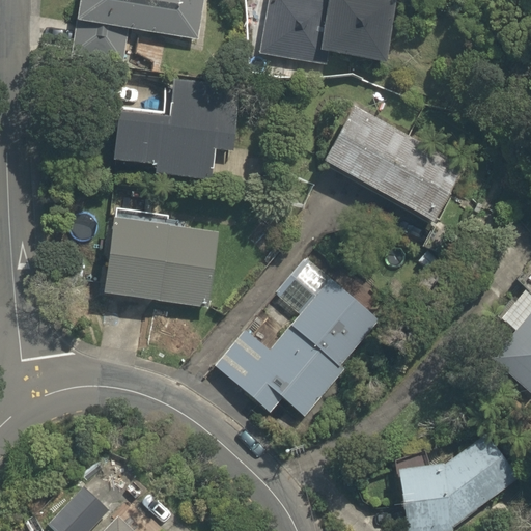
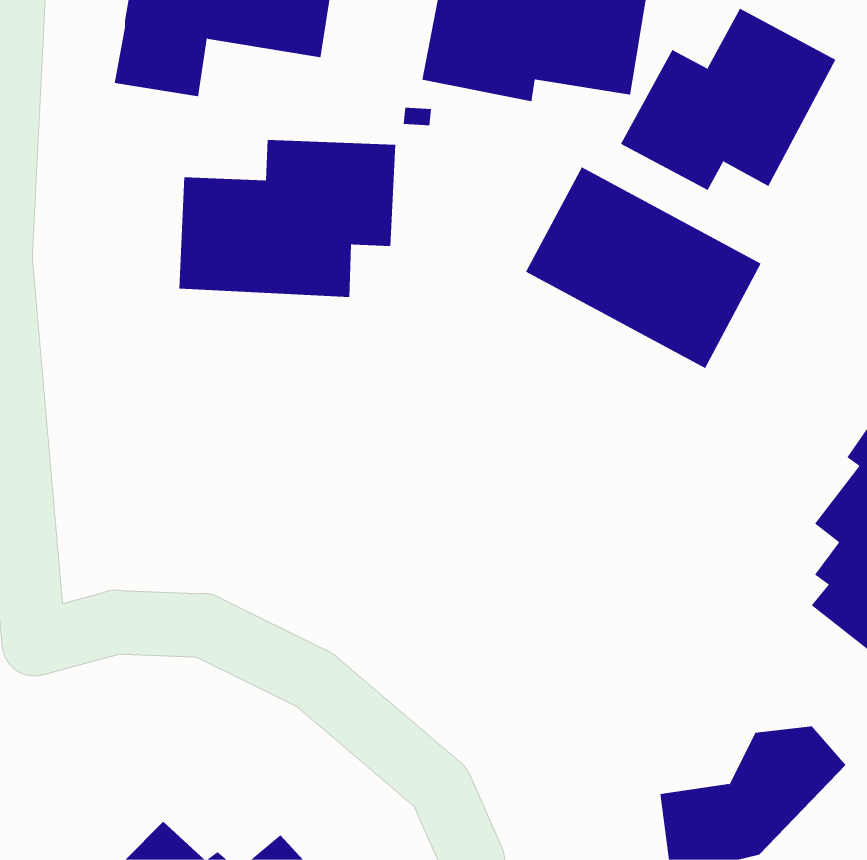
building: none -> [620,8,836,191]
building: [110,209,219,304] -> none
building: [212,254,379,415] -> none

